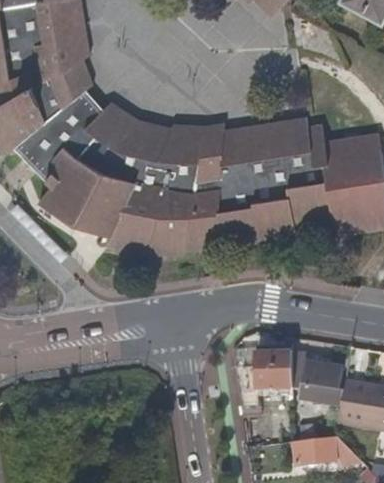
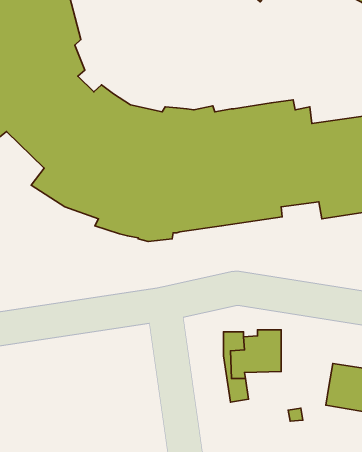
building: [292,360,346,404] -> none
building: [292,437,362,466] -> none

